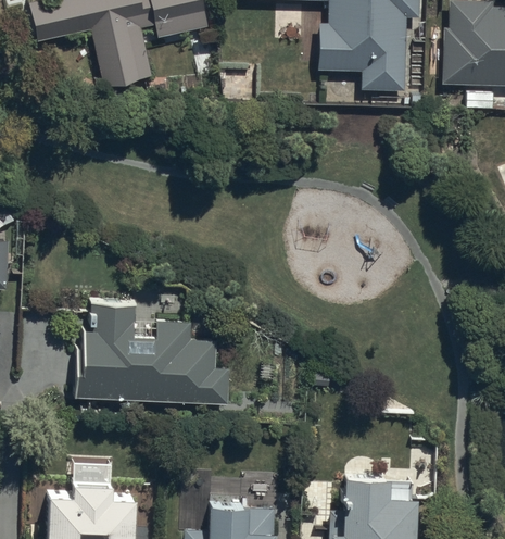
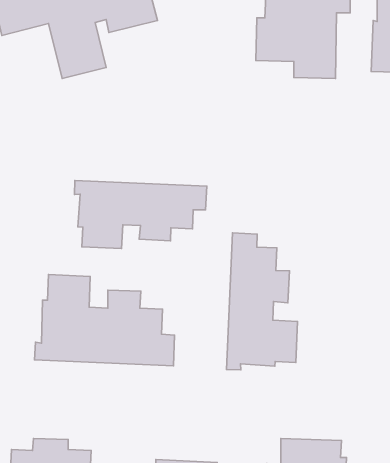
building: none -> [74,181,207,249]
building: none -> [227,233,297,370]

